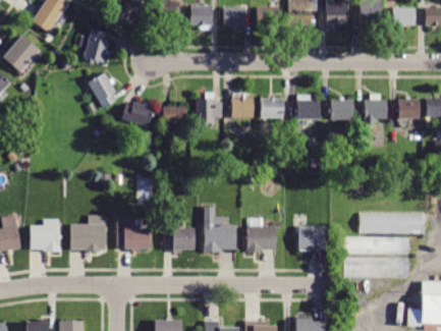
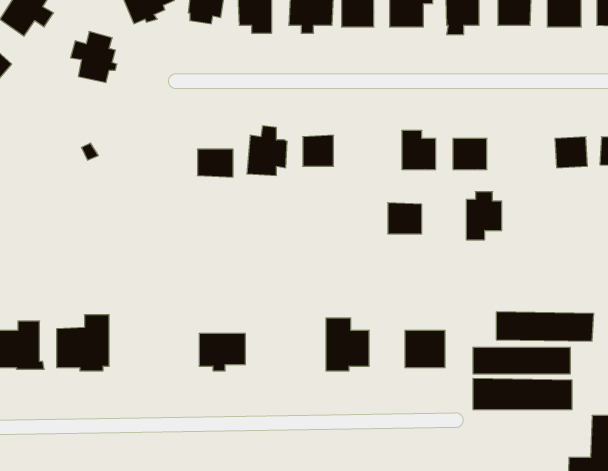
building: [88,71,117,107] -> none
building: [364,94,387,125] -> [466,192,502,240]
building: [261,97,283,117] -> [388,203,422,234]
building: [121,101,154,126] -> none
building: [204,206,236,252] -> none
building: [118,219,152,252] -> none

